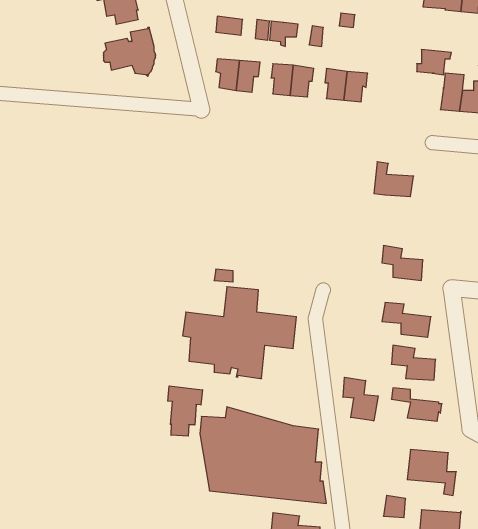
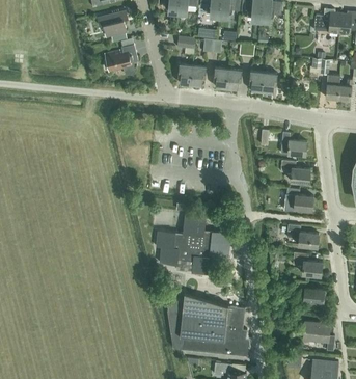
building: none -> [280,160,310,183]
building: [343,377,378,421] -> none
building: [168,386,202,436] -> none

